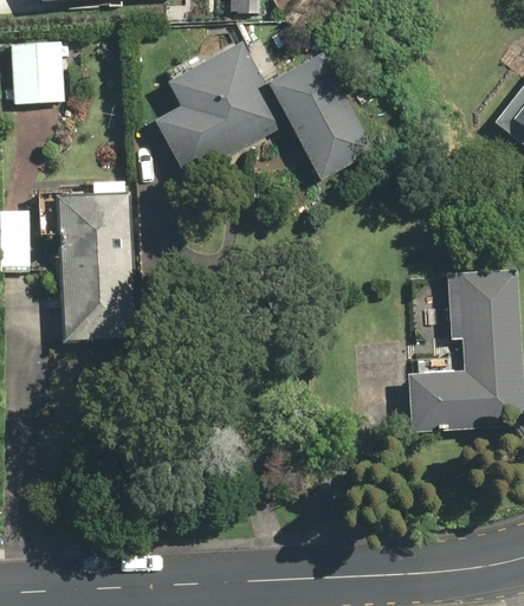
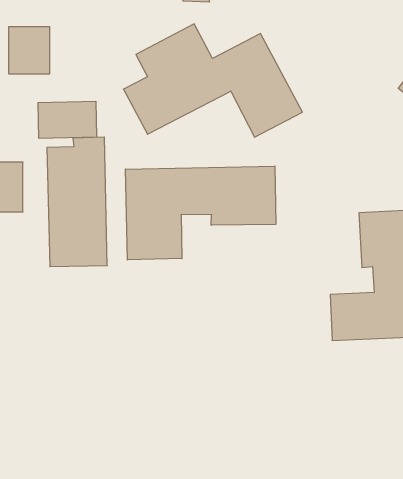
building: none -> [38,101,96,138]
building: none -> [126,166,276,260]

